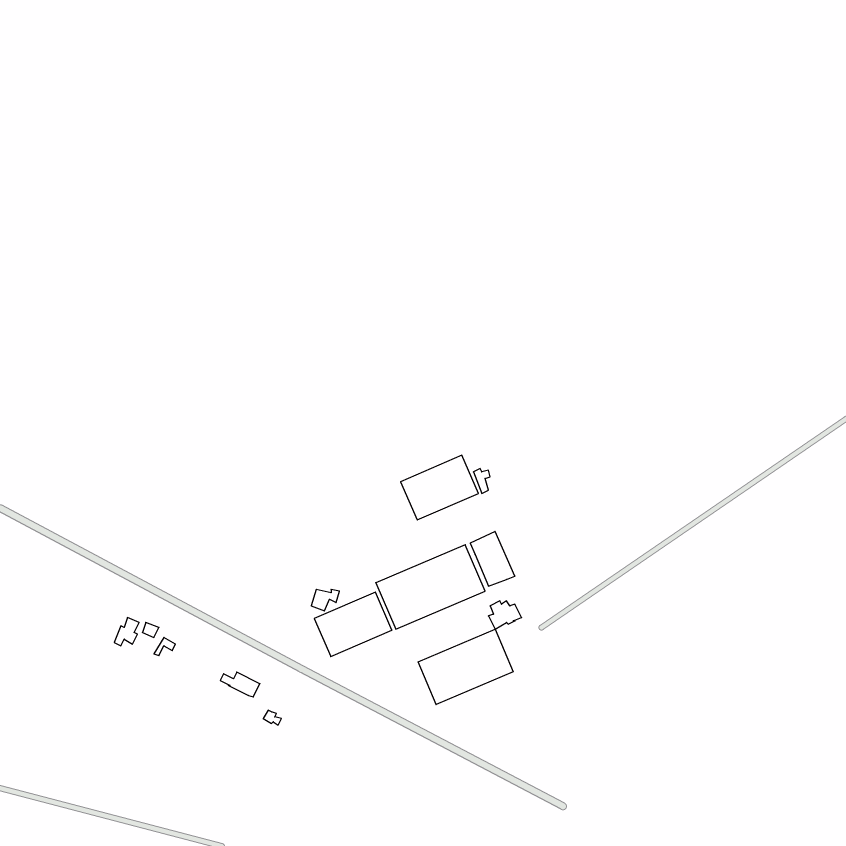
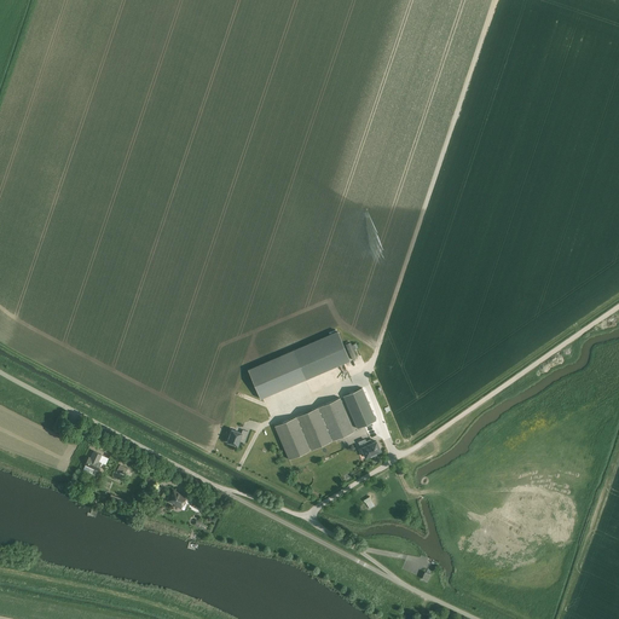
building: [314,592,392,657] -> [248,352,305,399]
building: [418,629,513,705] -> none

